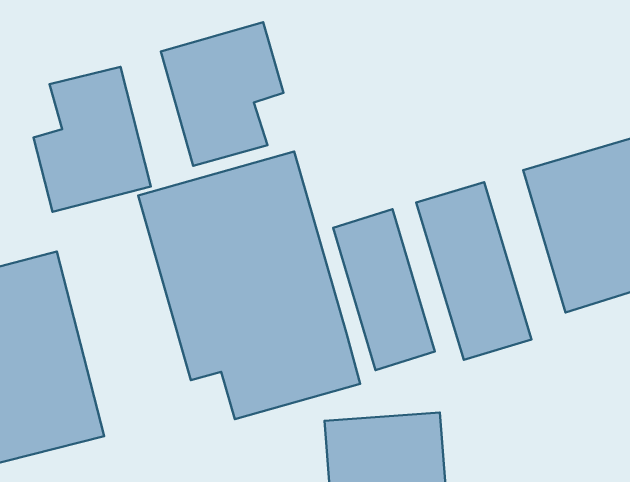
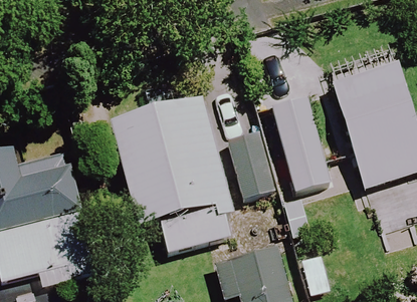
building: [161,22,284,166] -> none
building: [34,67,151,212] -> none

